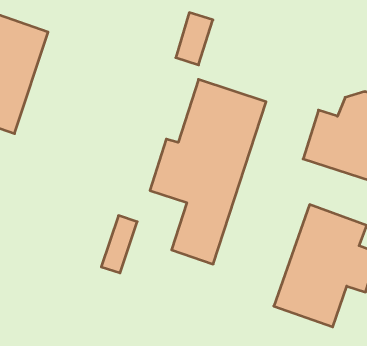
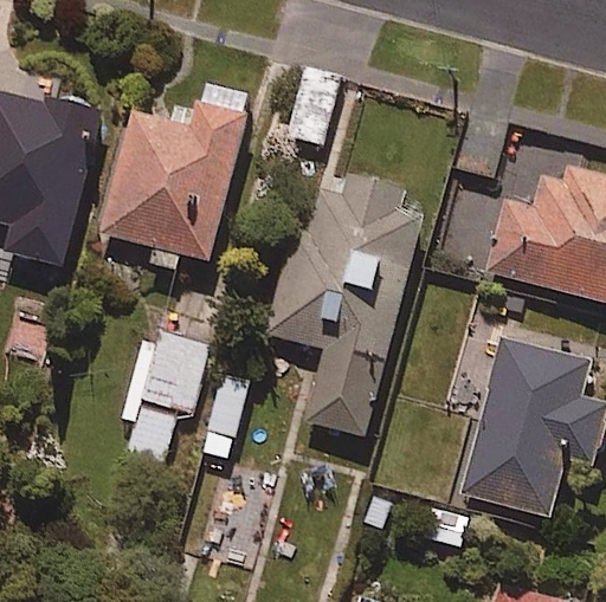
building: none -> [98,96,247,261]
building: none -> [124,331,207,467]

